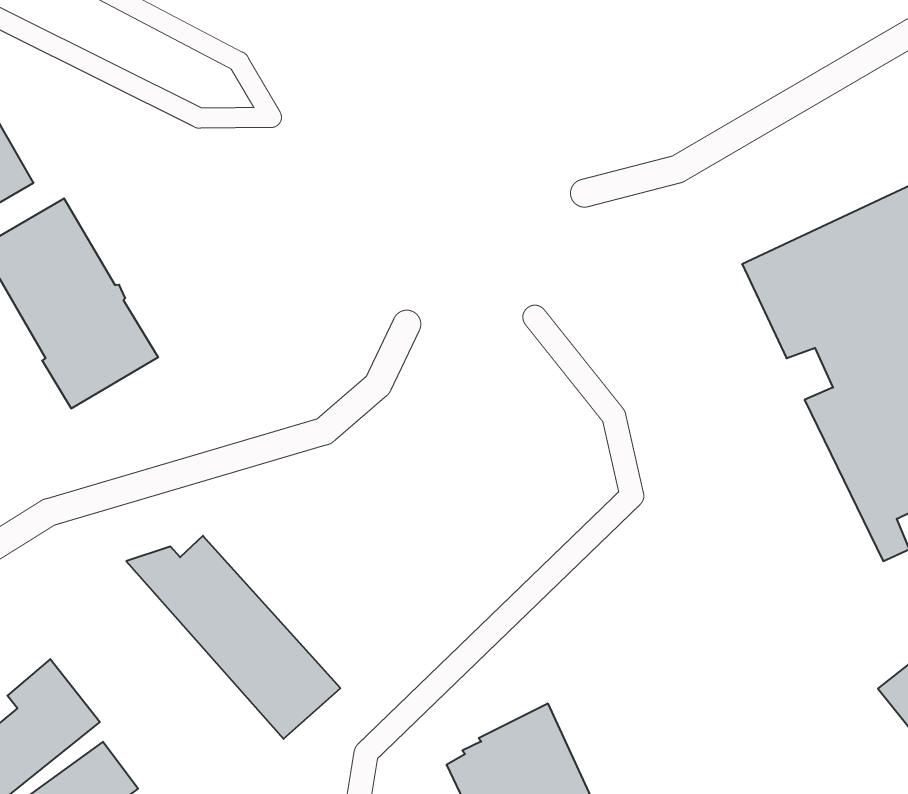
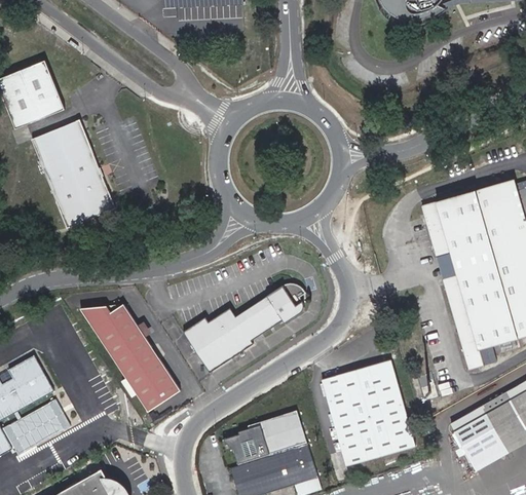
building: none -> [184,278,305,371]
building: none -> [322,359,416,466]

